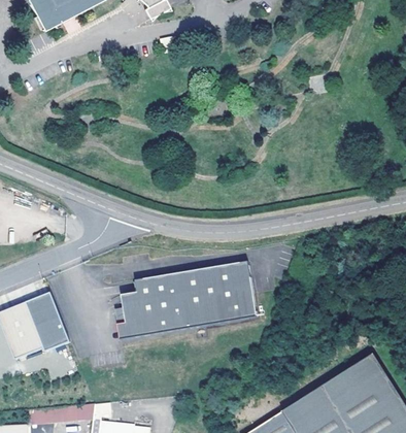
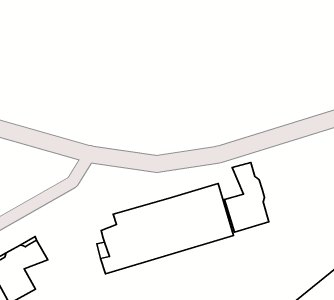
building: none -> [224,163,269,232]
building: [37,318,72,351] -> none

